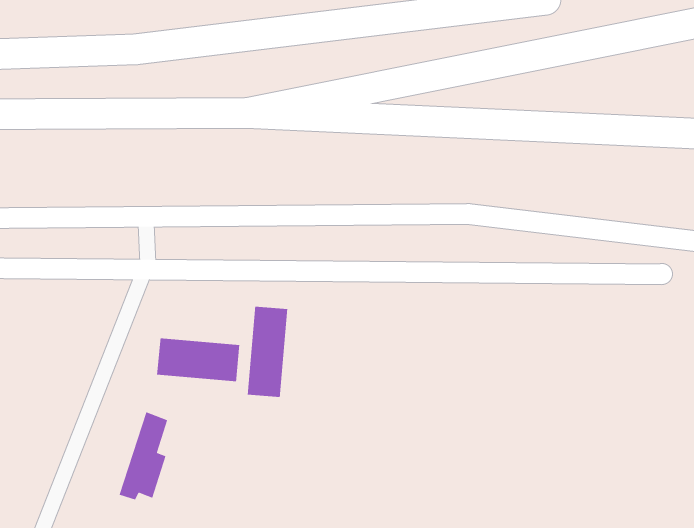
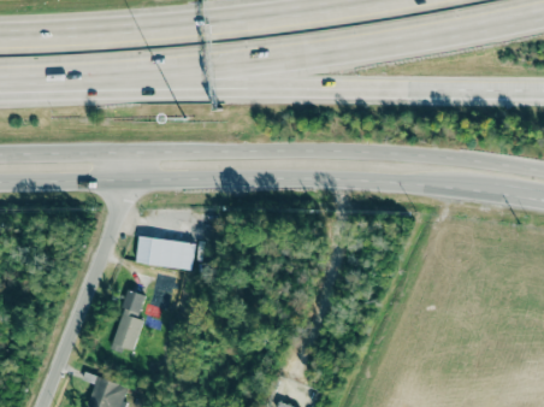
building: [247,306,288,398] -> none

